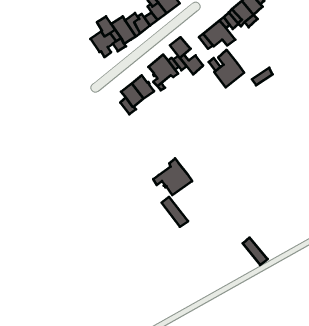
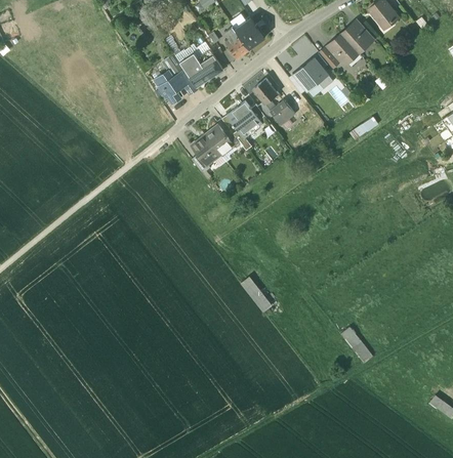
building: [214,50,244,87] -> none
building: [153,158,192,195] -> none

